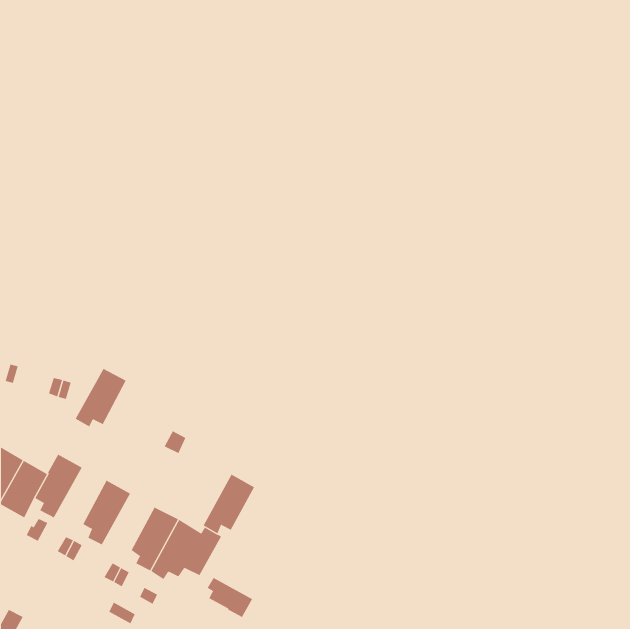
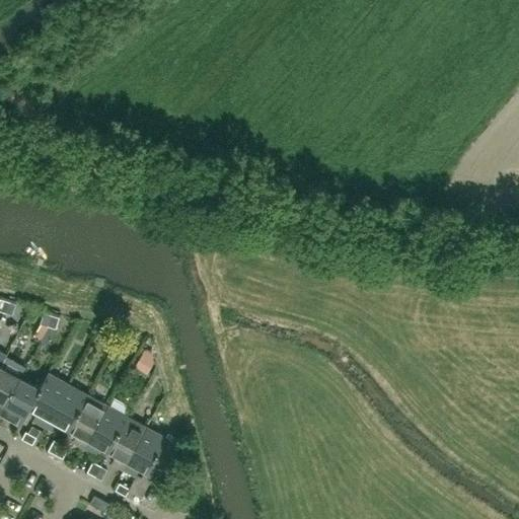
building: [75,368,127,427] -> [45,385,87,434]
building: [203,474,255,534] -> [84,406,127,456]
building: [207,577,253,618] -> none

